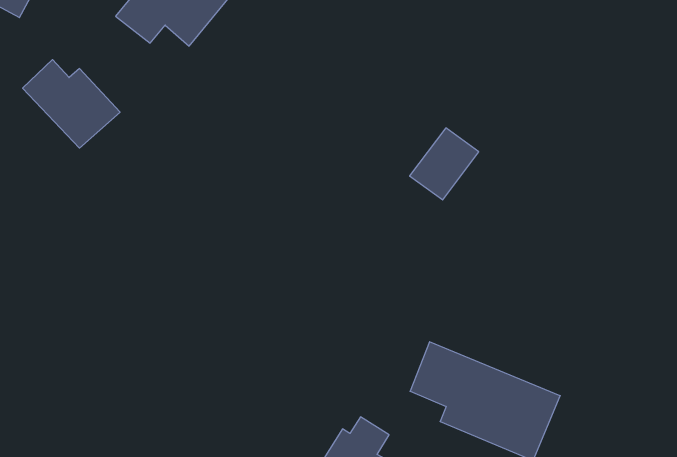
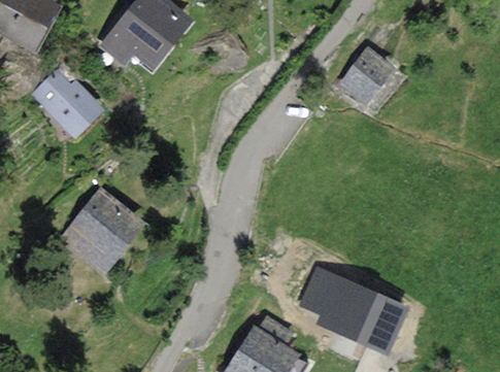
building: [410,128,479,200] -> [343,49,391,99]
building: none -> [64,192,142,271]

